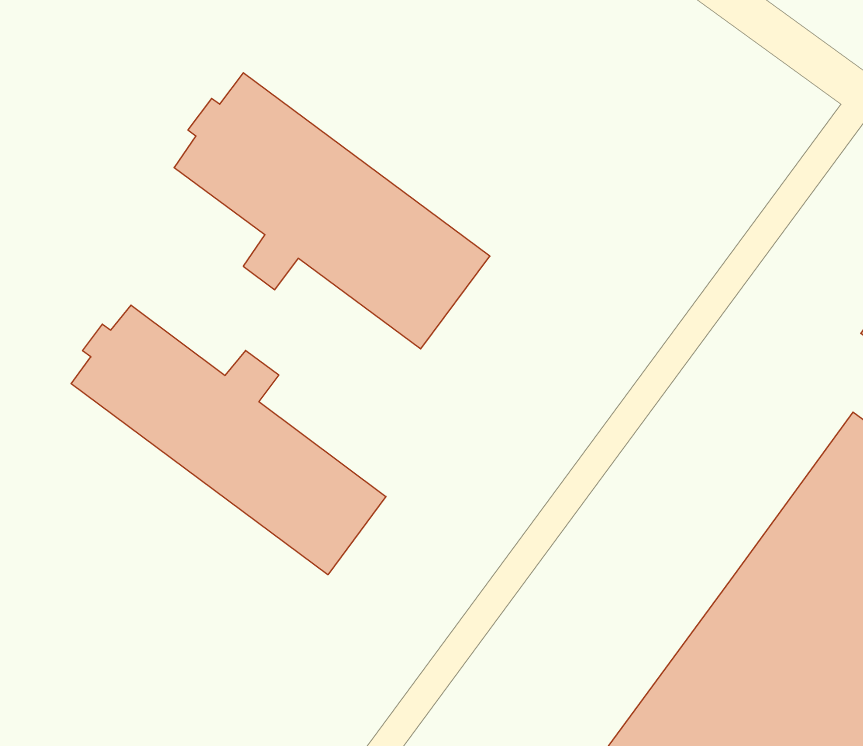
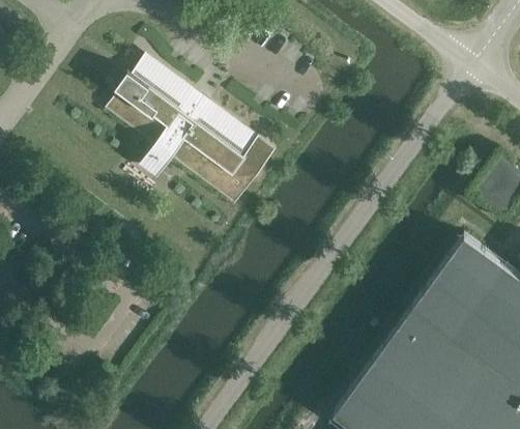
building: [71,305,386,575] -> none

